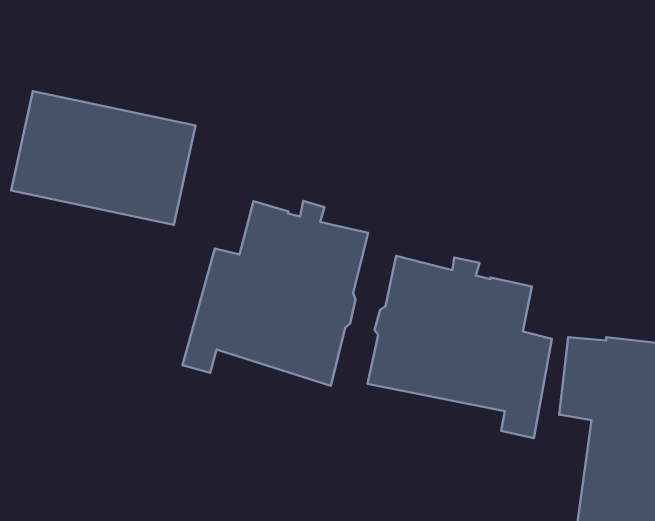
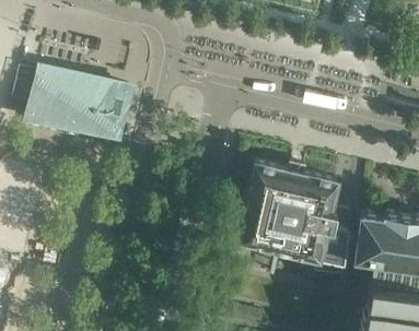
building: [183,201,368,386] -> none

